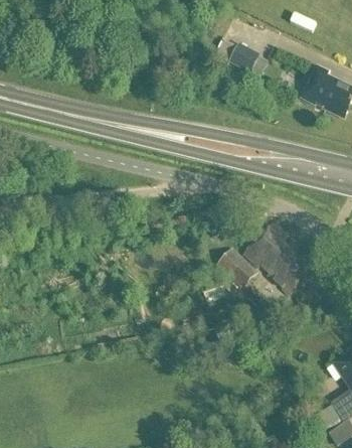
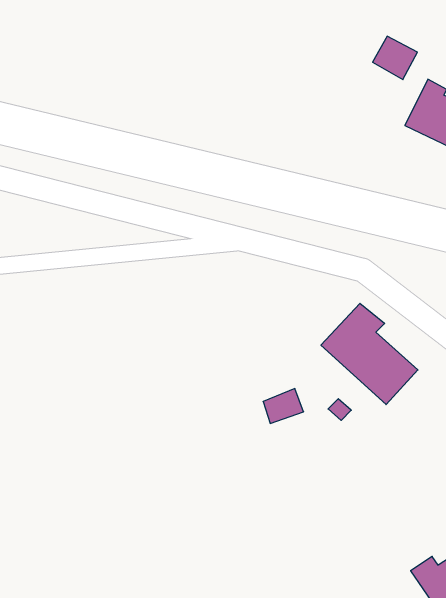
building: [230,43,261,73] -> [373,36,417,80]
building: [217,246,260,289] -> none

